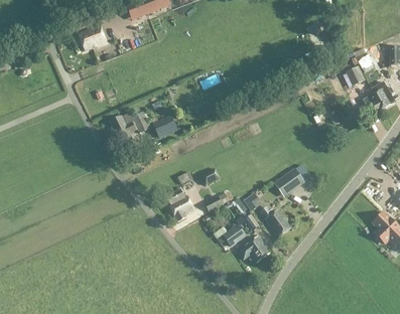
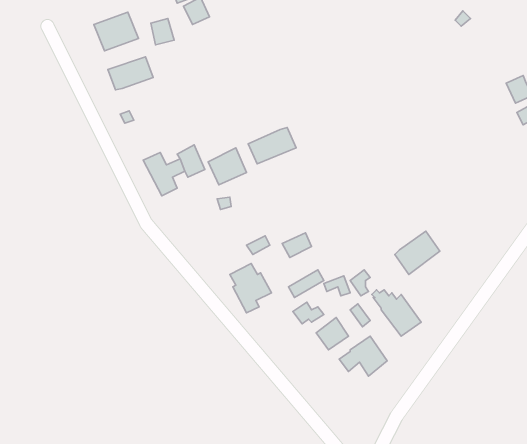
building: none -> [108,57,153,90]
building: none -> [248,128,296,164]

